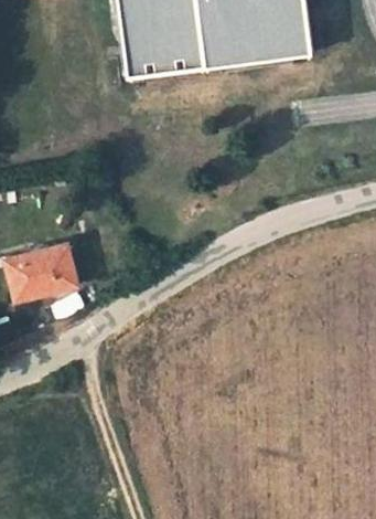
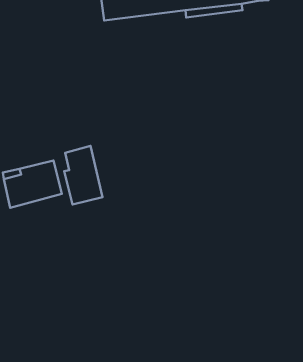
building: none -> [64,146,102,204]

